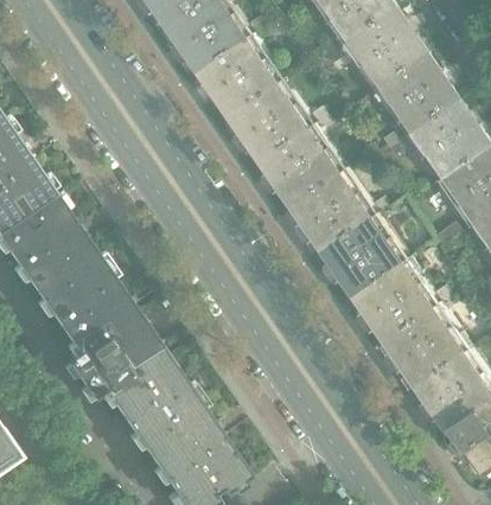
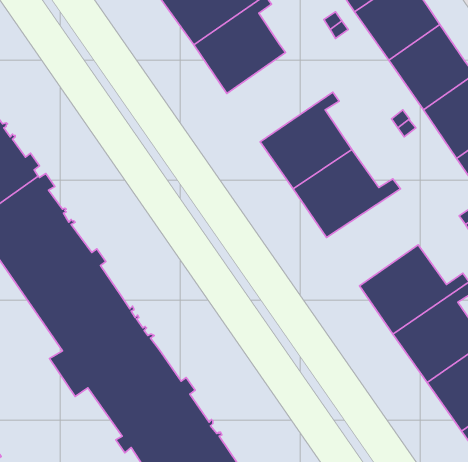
building: [229,79,327,162] -> none
building: [321,206,407,296] -> none

